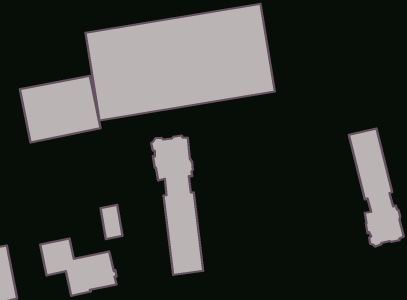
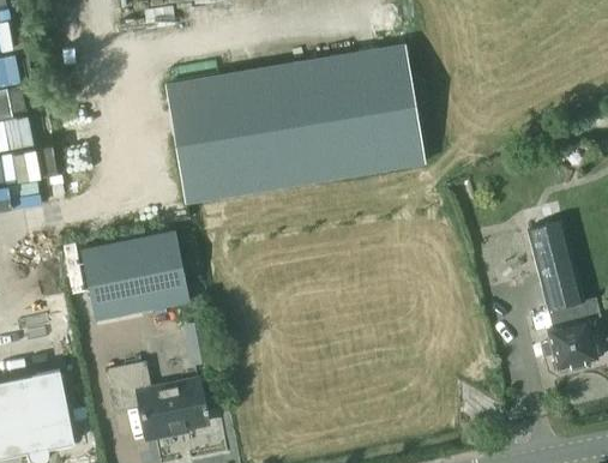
building: [20,76,100,142] -> [79,232,188,321]
building: [151,136,203,275] -> none

